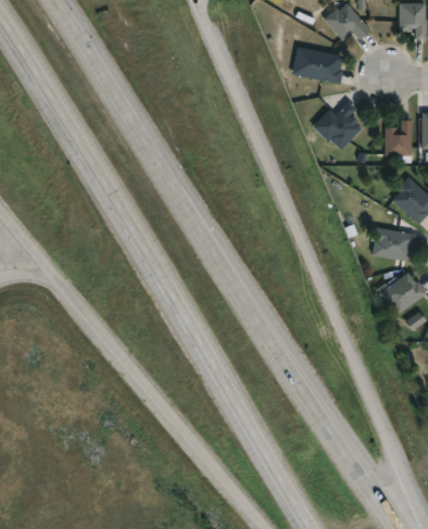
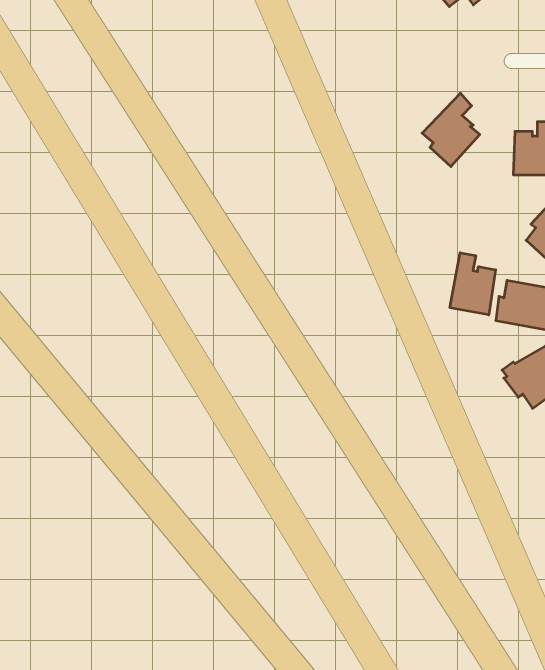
building: [302,48,342,84] -> none
building: none -> [450,253,496,315]

